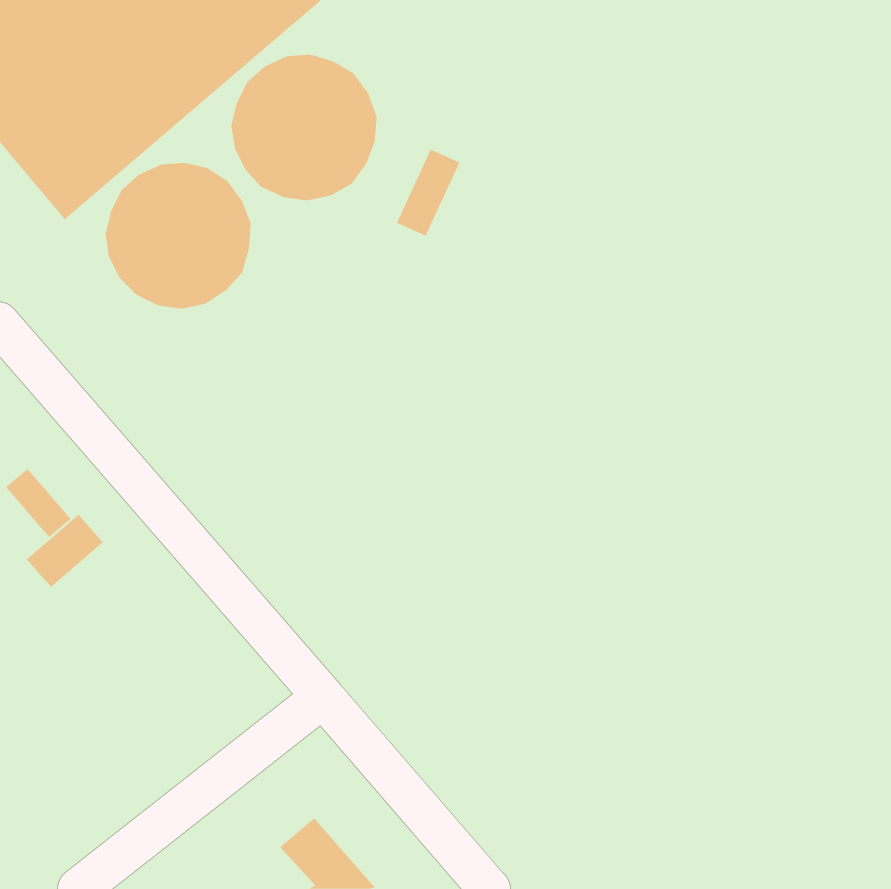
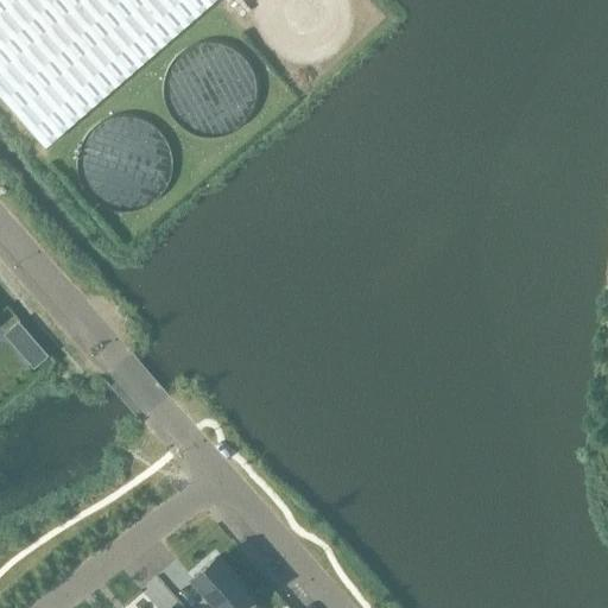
building: [396,149,460,236] -> none
building: [26,514,104,588] -> none

